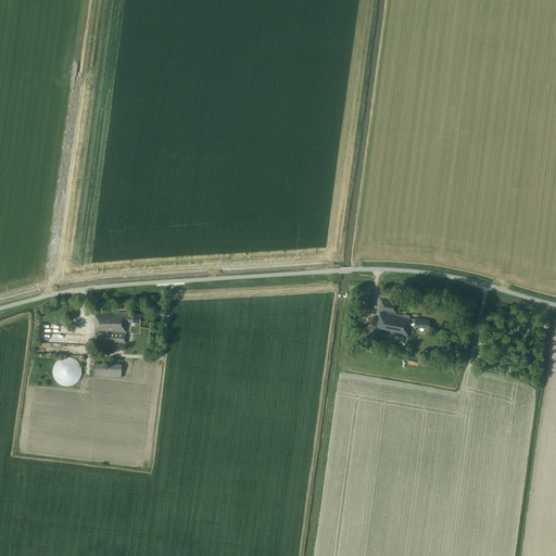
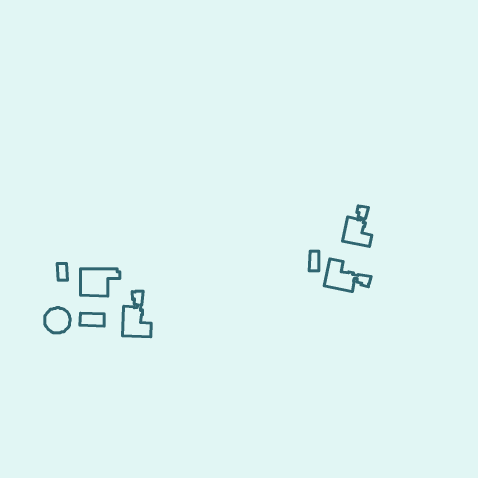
building: none -> [343,206,372,247]
building: none -> [122,291,151,337]

